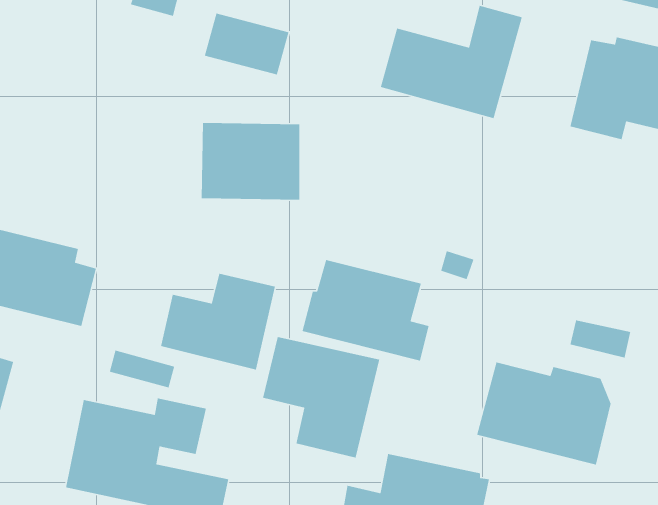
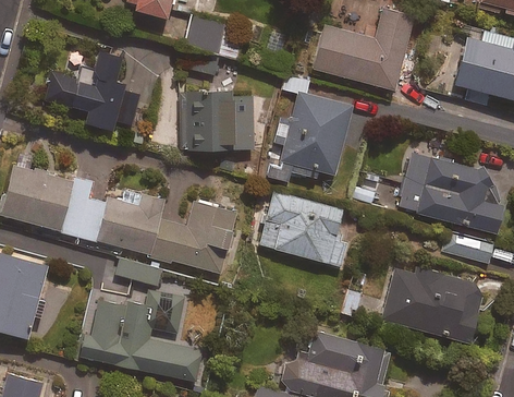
building: none -> [46,50,143,129]
building: none -> [267,93,352,182]
building: none -> [399,151,501,232]
building: none -> [96,194,166,255]
building: [262,336,380,458] -> none

